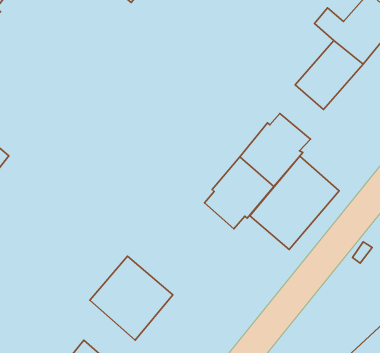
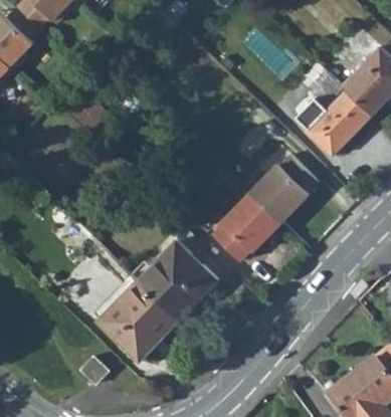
building: [250,156,339,249] -> none
building: none -> [138,240,215,319]

